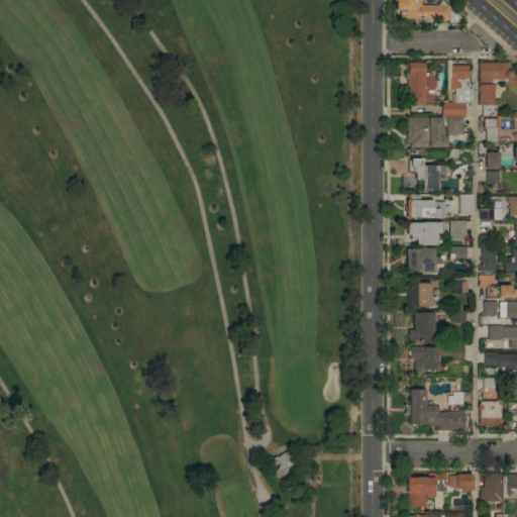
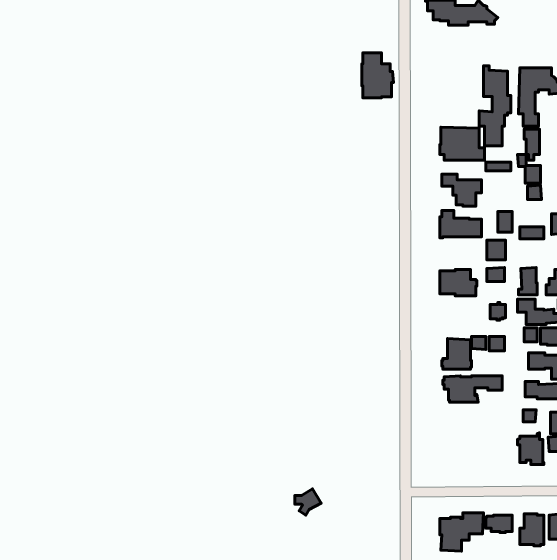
building: [409,63,438,104] -> [362,53,394,98]
building: [408,222,445,245] -> none
building: [408,283,441,307] -> none
building: [406,390,468,431] -> none

